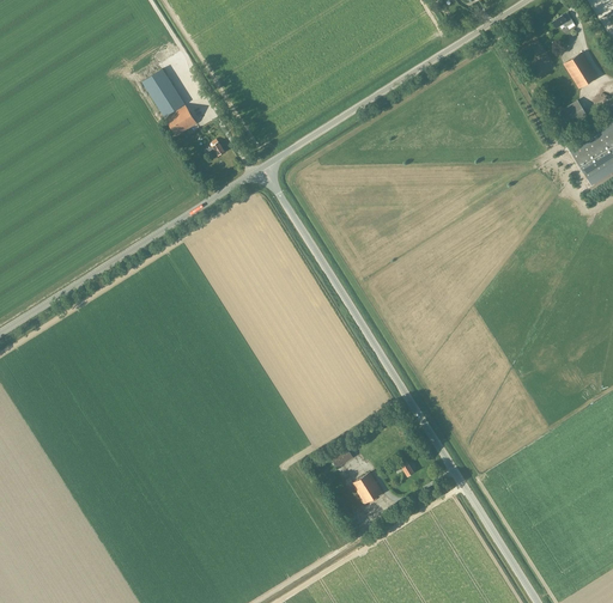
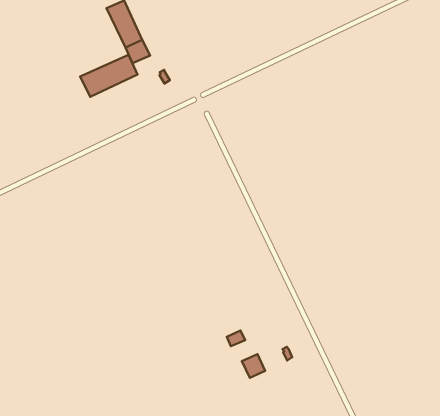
building: none -> [80,55,138,97]

